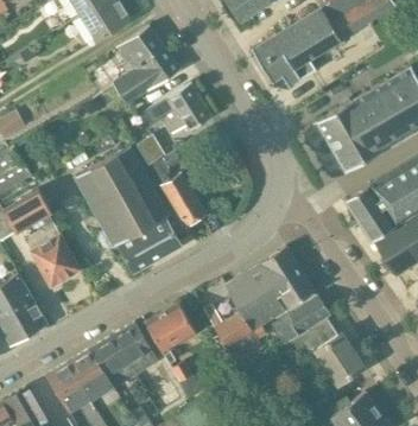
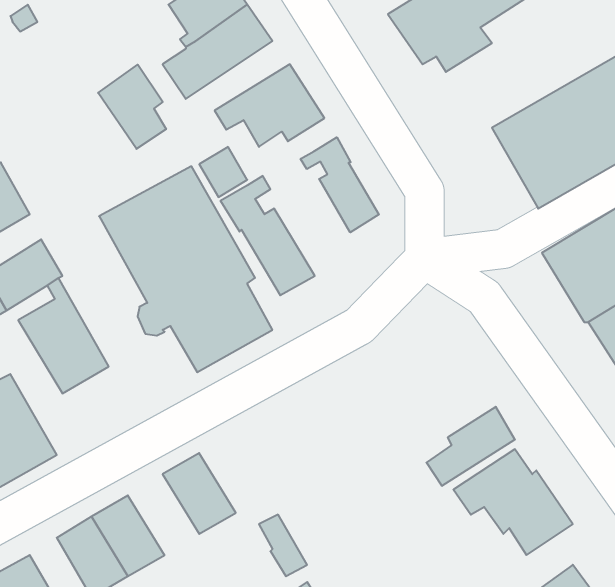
building: none -> [98,65,166,149]
building: none -> [301,137,379,232]
building: [202,247,314,373] -> none
building: [146,303,197,362] -> none
building: [91,336,135,386] -> none

